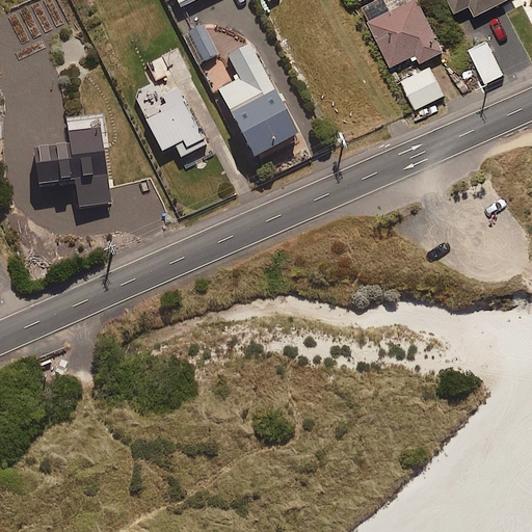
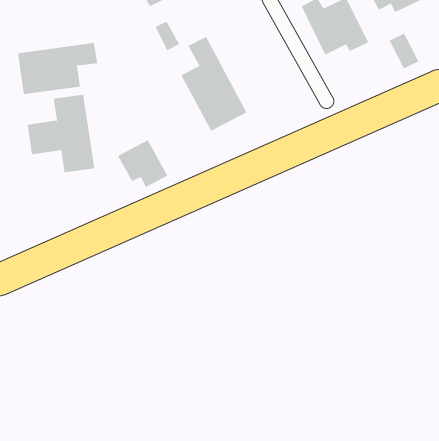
building: none -> [17,42,98,95]
building: [400,65,444,109] -> none
building: [144,101,206,159] -> [117,139,168,188]

